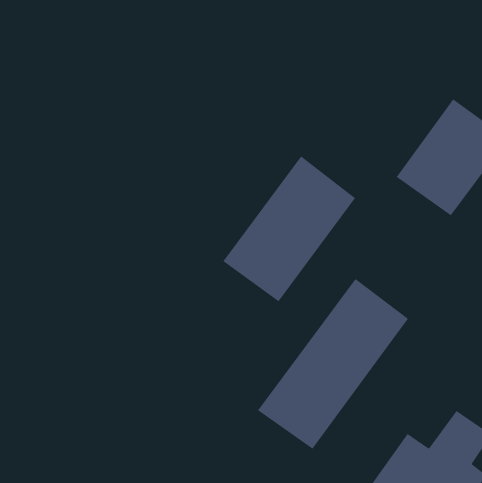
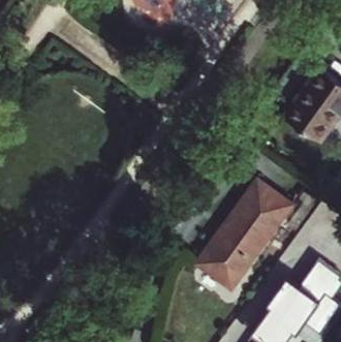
building: [223,155,356,302] -> none

